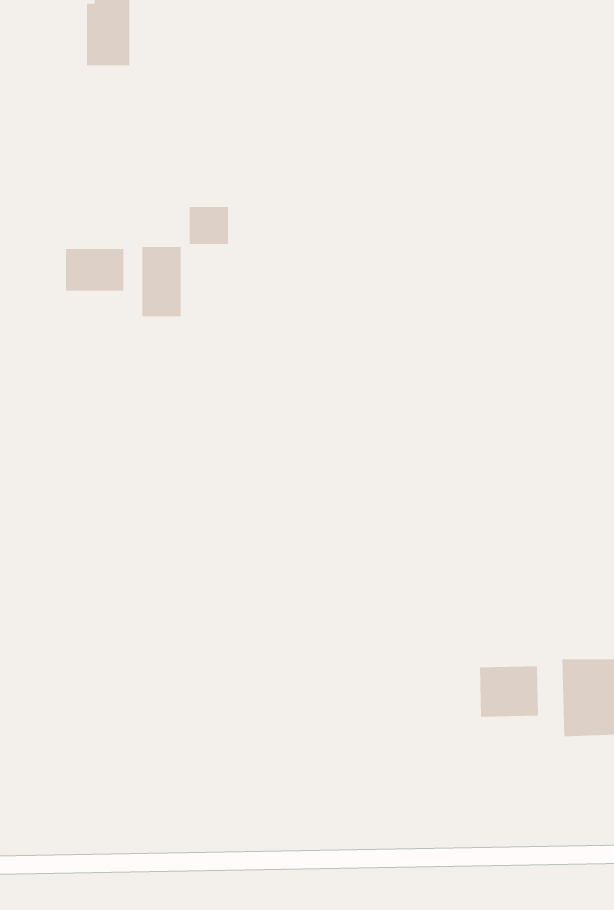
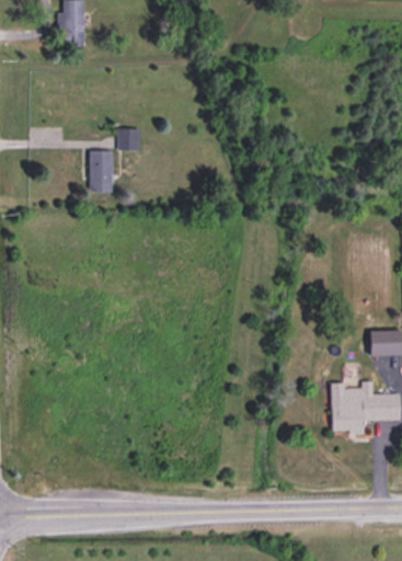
building: [65,248,124,291] -> none
building: [479,665,539,718] -> none

